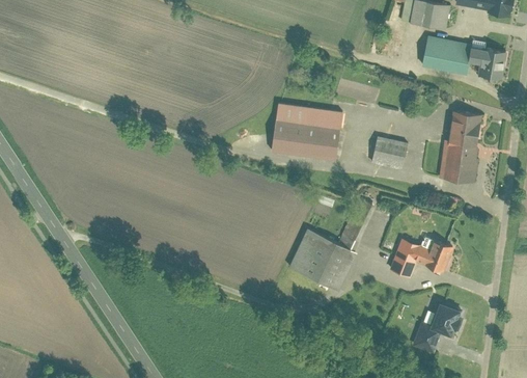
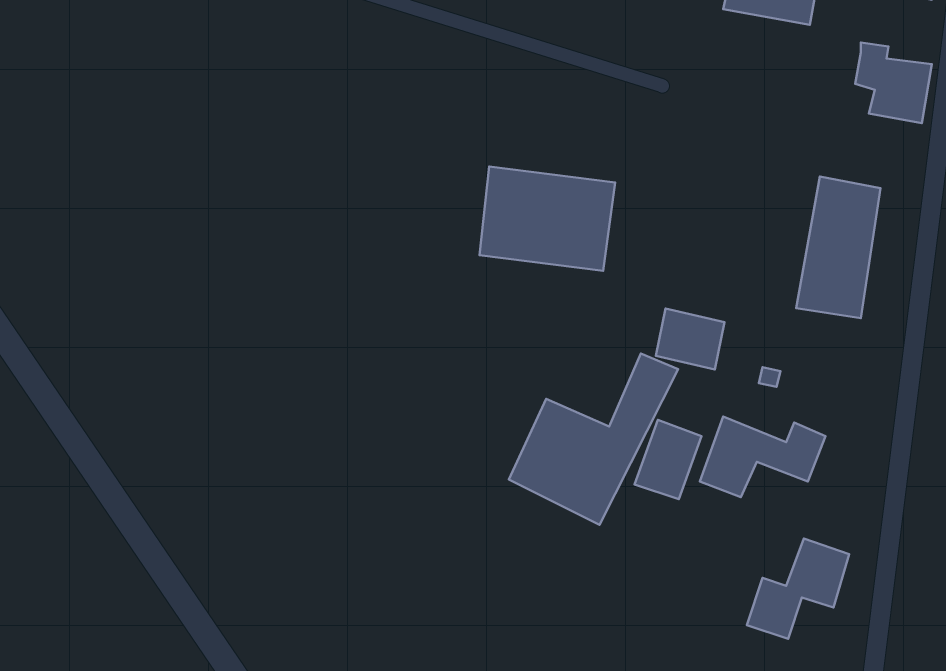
building: [420,35,473,74] -> none
building: [371,137,408,169] -> [656,308,725,369]
building: none -> [634,420,701,499]

